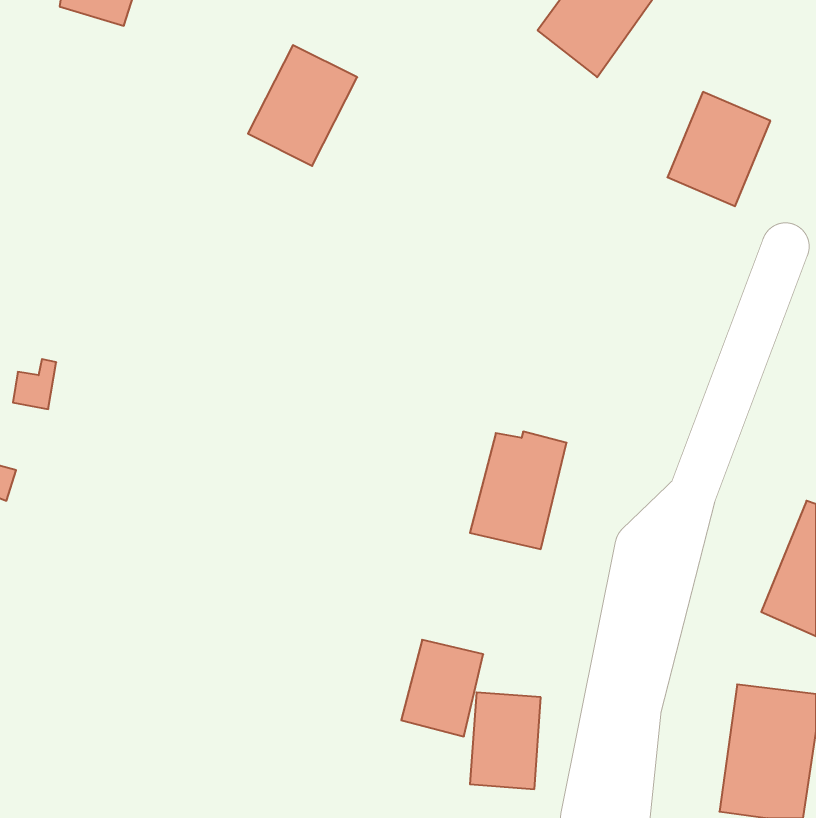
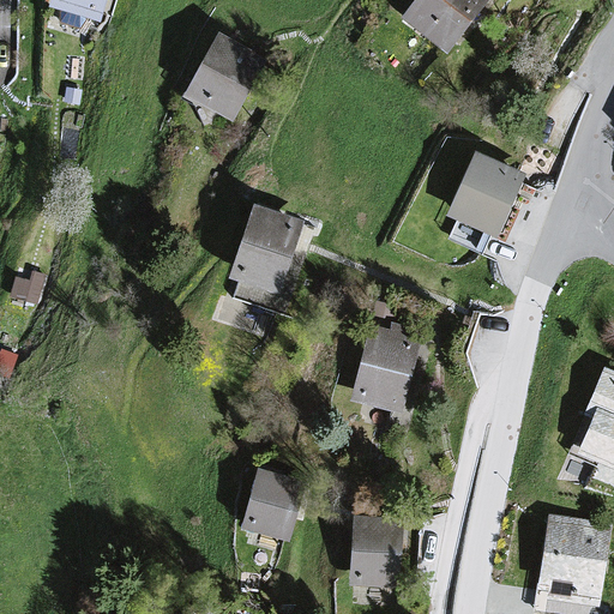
building: [667,92,770,206] -> [449,152,525,237]
building: none -> [225,211,302,302]
building: [401,640,483,736] -> [243,469,305,541]

